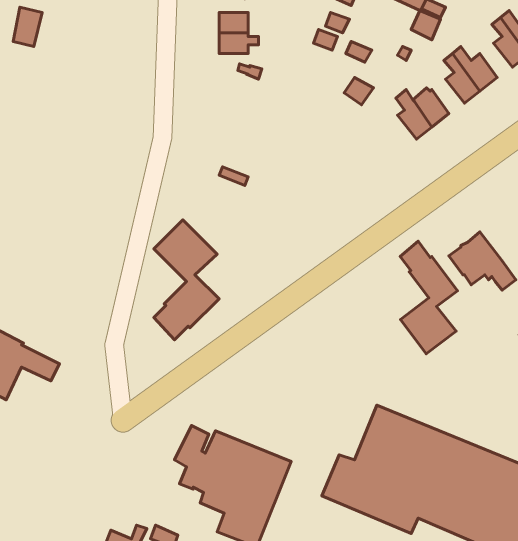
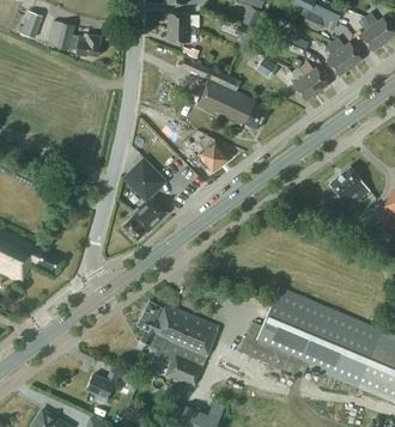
building: none -> [49,22,102,56]
building: none -> [181,57,267,130]
building: none -> [199,135,229,171]
building: [400,241,458,354] -> none

